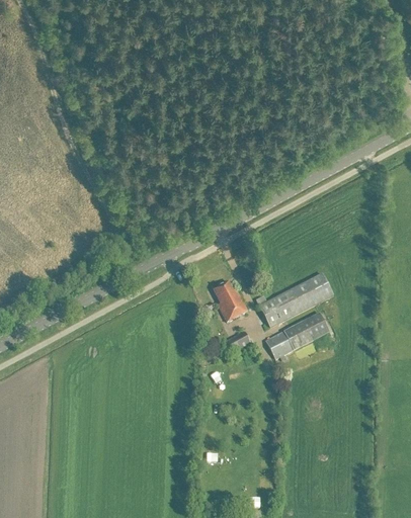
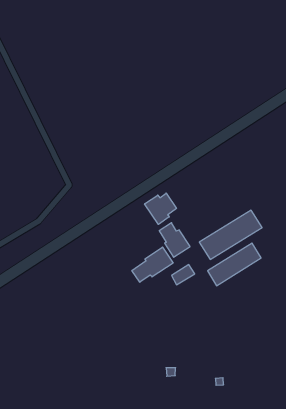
building: none -> [145,193,176,224]
building: none -> [132,247,173,282]

